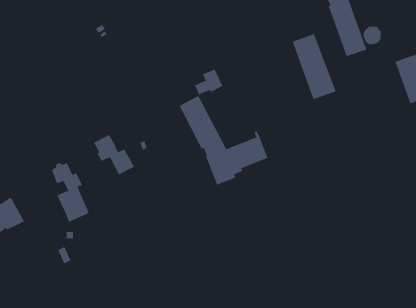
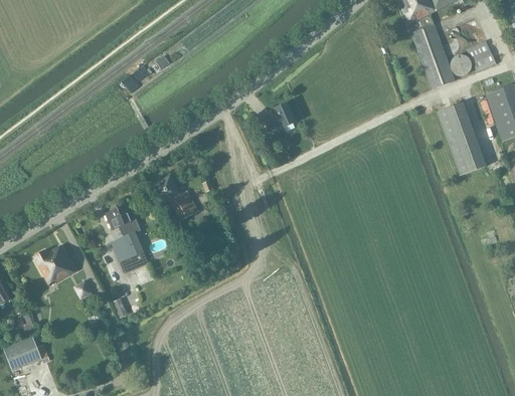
building: none -> [467,40,496,71]
building: [292,33,336,100] -> [437,102,486,175]
building: [179,95,268,186] -> none

